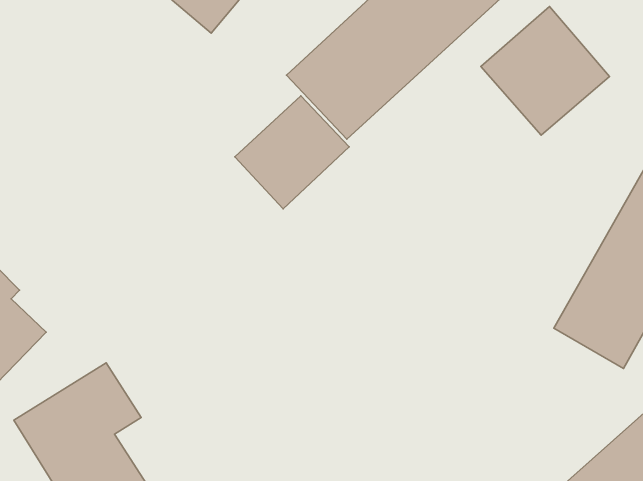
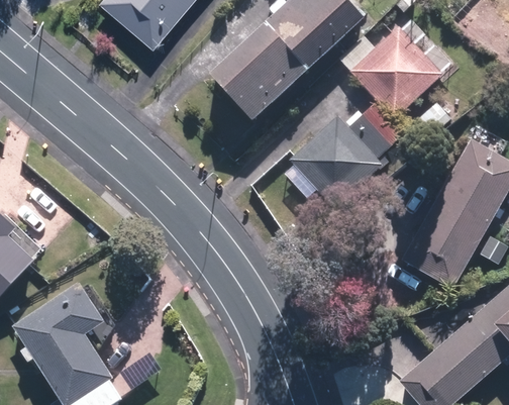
building: [235,96,349,209] -> none
building: none -> [290,101,405,207]

